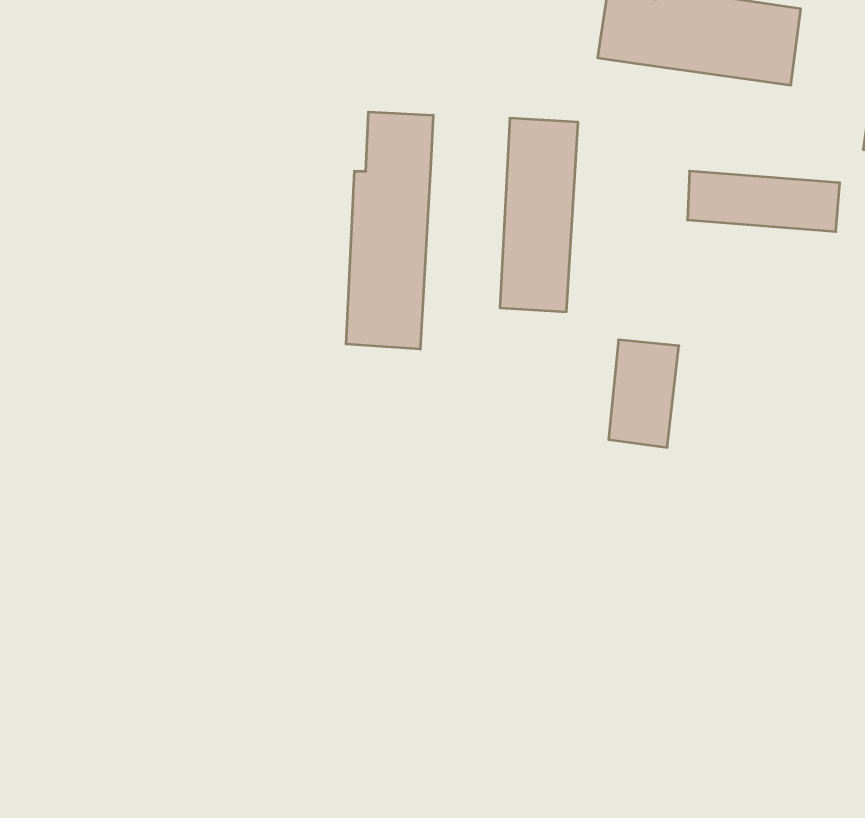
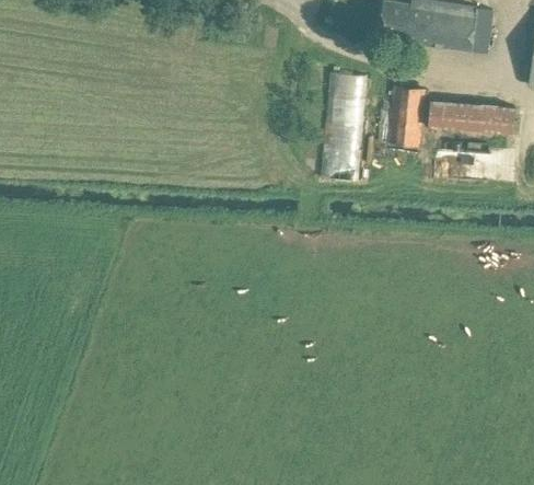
building: [346,112,433,349] -> none
building: [609,340,679,447] -> [386,86,426,147]

